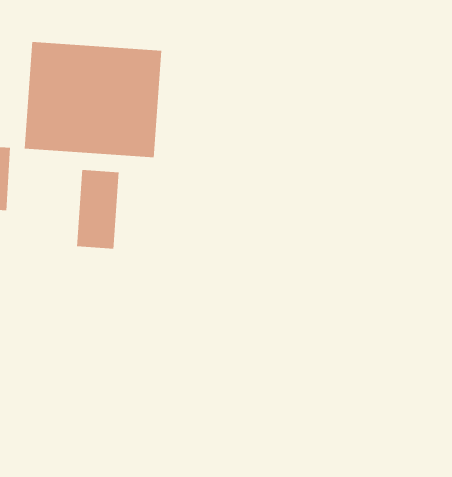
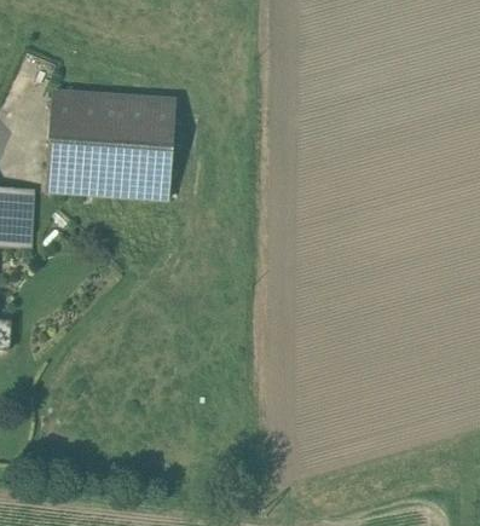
building: [76,169,119,249] -> none

